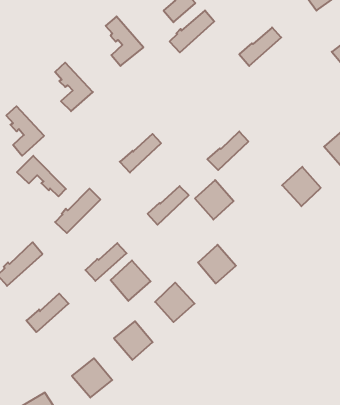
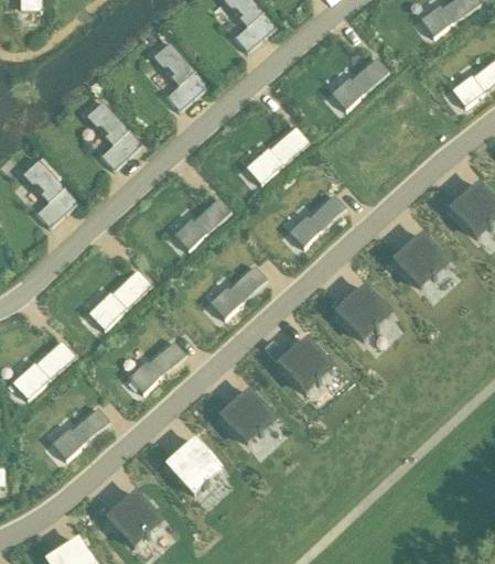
building: [170,10,214,52] -> [248,127,306,182]
building: [17,156,66,196] -> none
building: [195,180,234,220] -> [333,291,384,343]
building: [111,260,151,301] -> none

